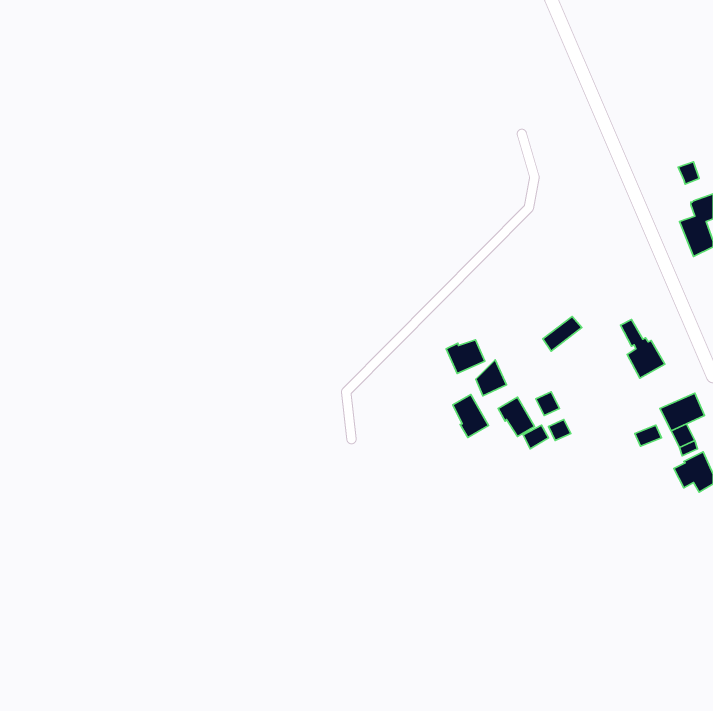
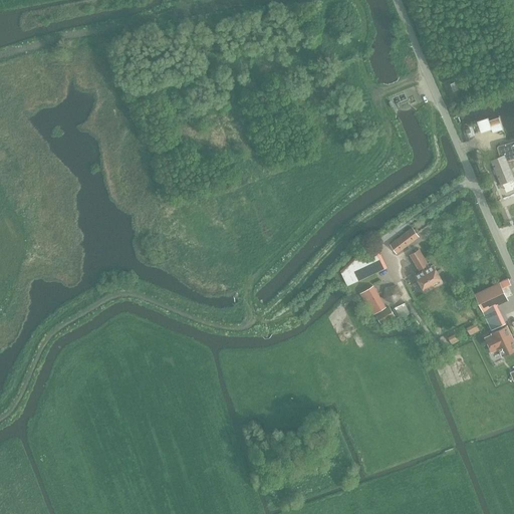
building: [620,320,665,378] -> [411,250,443,292]
building: [446,340,485,373] -> none
building: [453,395,489,438] -> none

